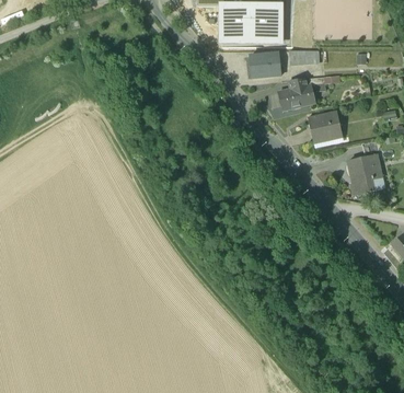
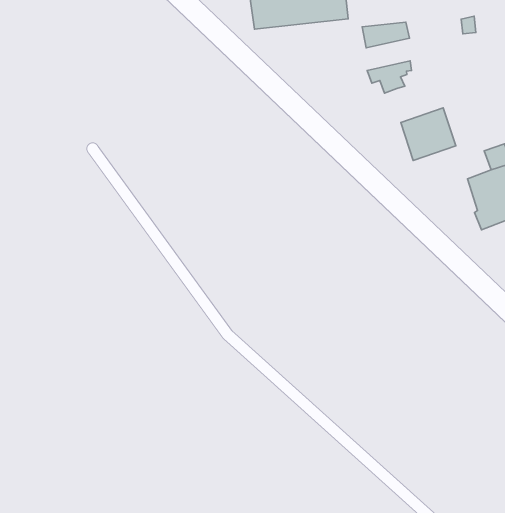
building: [250,54,281,77] -> none
building: [278,88,310,109] -> none

